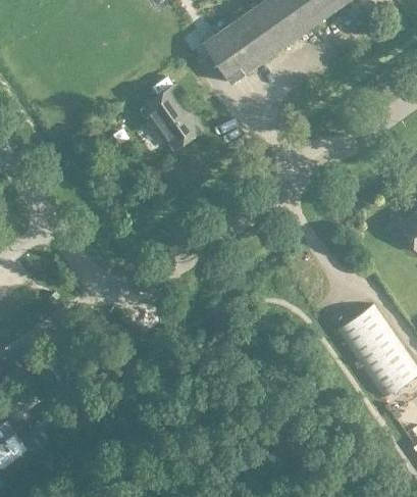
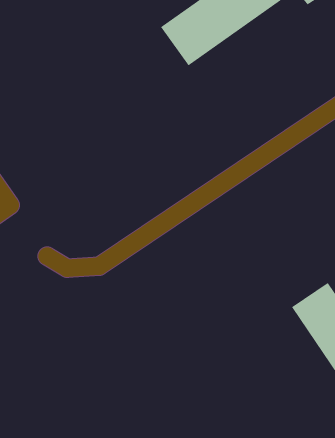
building: [143,87,202,149] -> none

